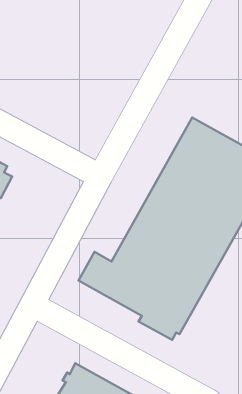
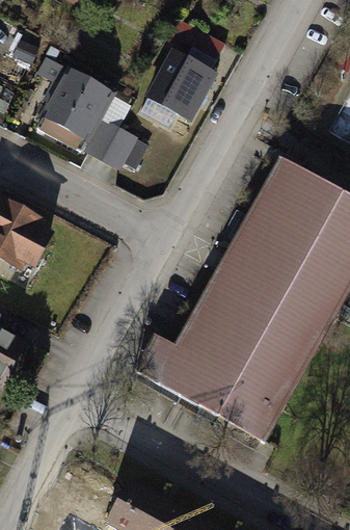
building: none -> [144,22,226,126]
building: none -> [44,72,135,162]

